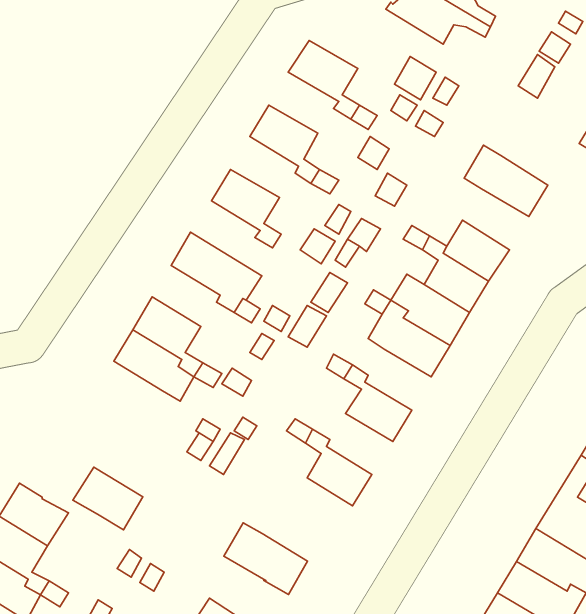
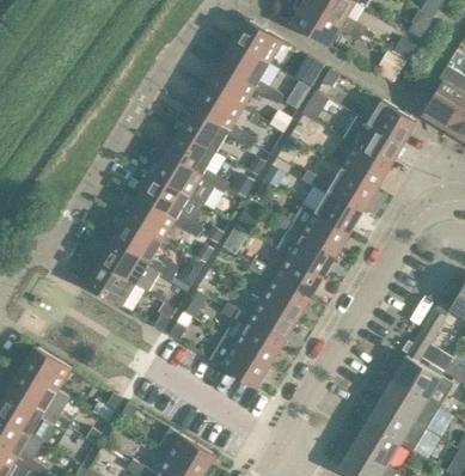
building: none -> [235,22,282,63]
building: none -> [208,66,256,108]
building: none -> [367,102,412,144]
building: none -> [182,110,228,152]
building: none -> [341,146,386,188]
building: none -> [154,154,228,206]
building: none -> [128,199,175,240]
building: none -> [274,256,319,298]
building: none -> [247,300,293,342]
building: [73,467,143,530] -> [87,264,135,307]
building: [224,523,308,594] -> [208,337,265,386]

